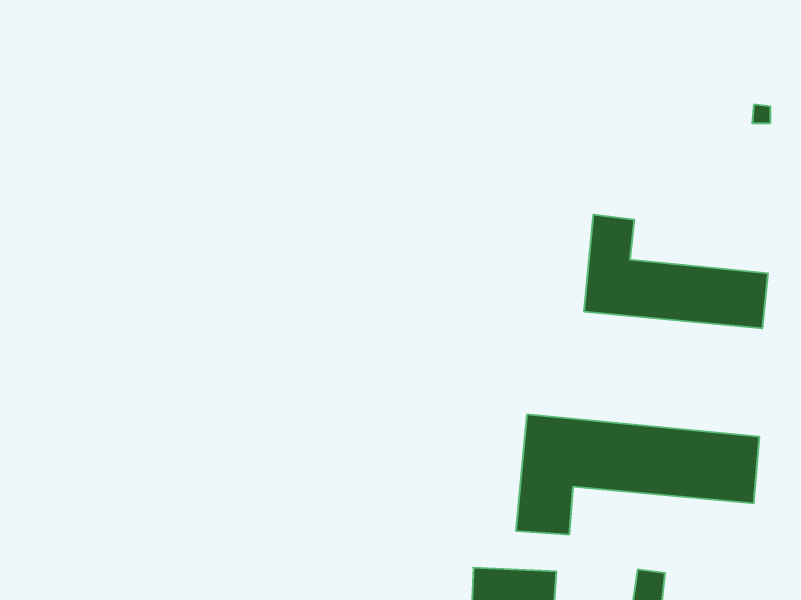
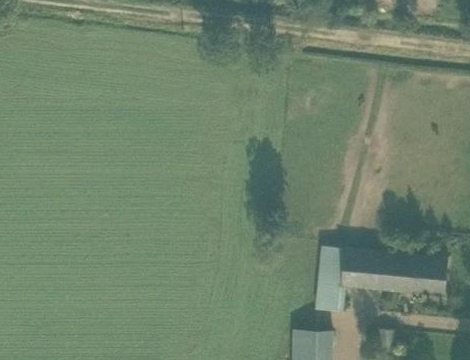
building: [584,215,768,329] -> none

